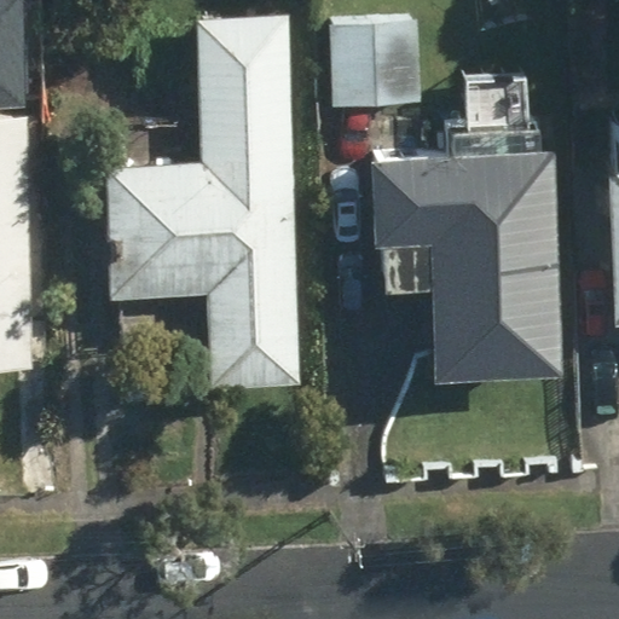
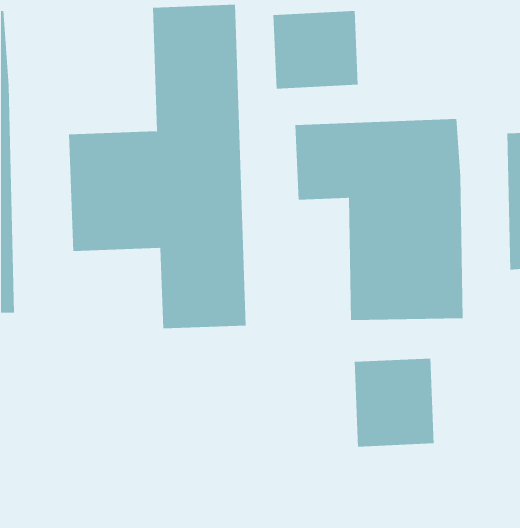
building: none -> [354,358,434,447]

